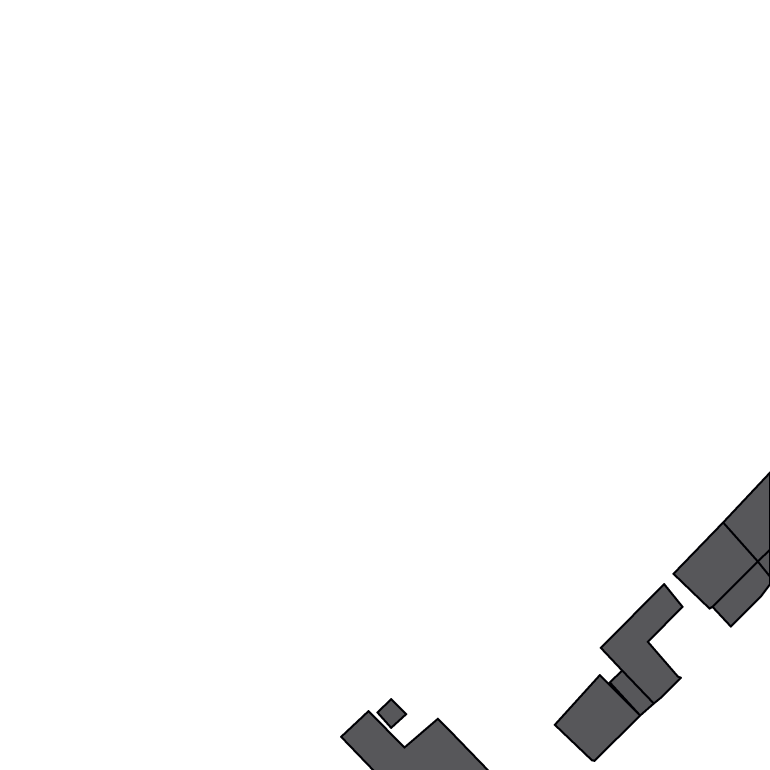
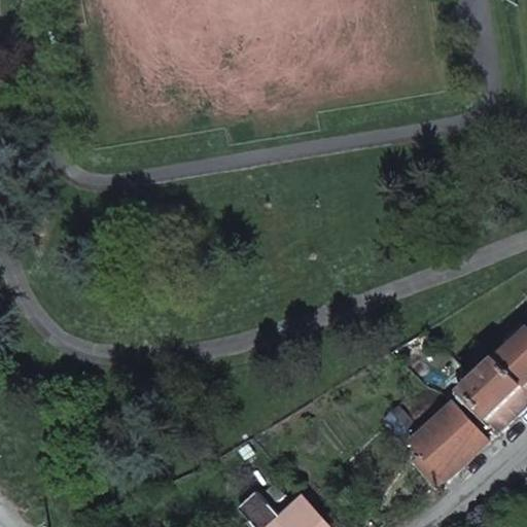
building: none -> [442,415,487,463]
building: [555,675,640,761] -> none

